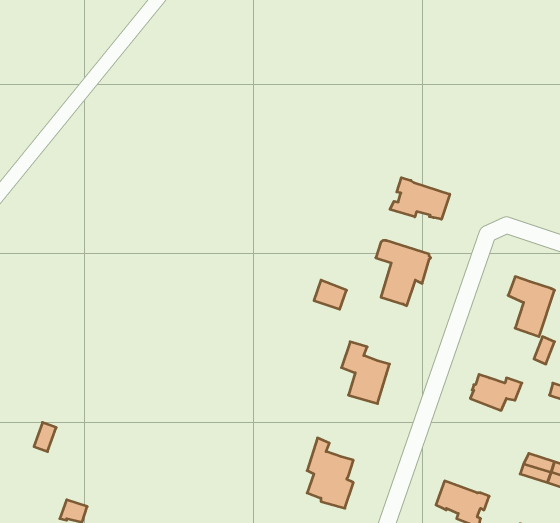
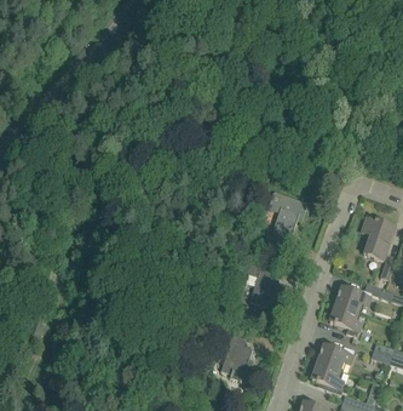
building: [390,178,450,219] -> none
building: none -> [329,302,361,335]
building: none -> [317,343,353,369]

